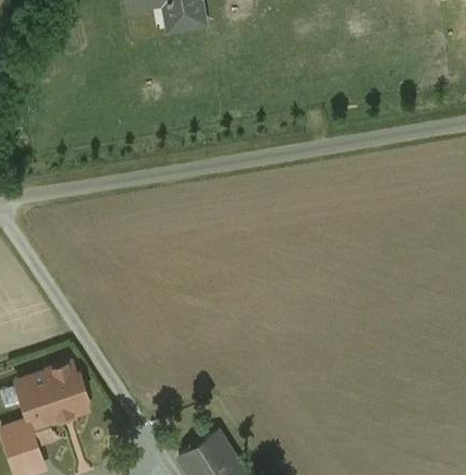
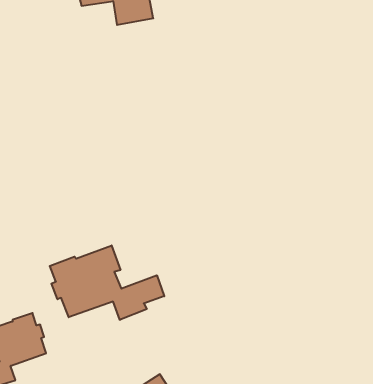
building: none -> [50,245,164,320]

